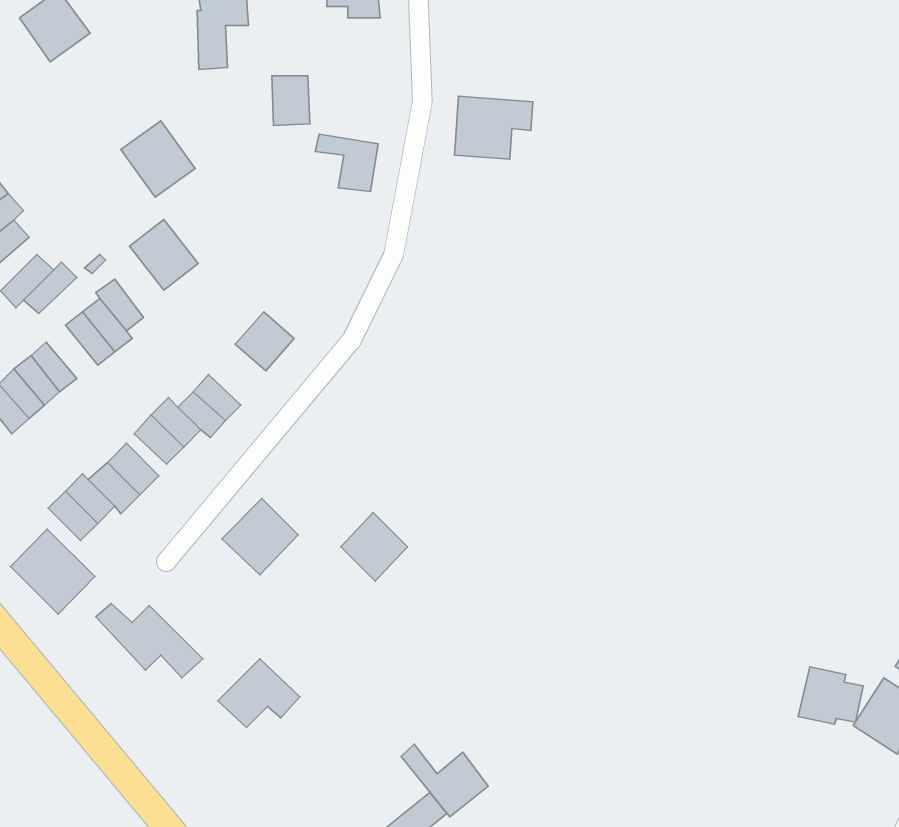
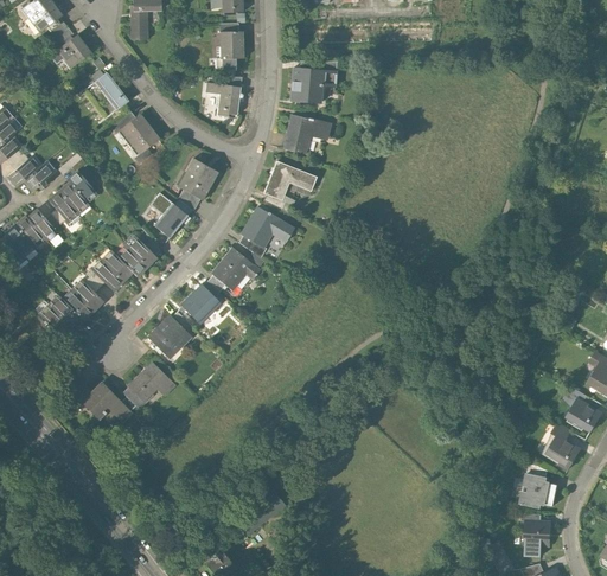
building: none -> [57,40,92,76]
building: [272,76,310,126] -> [222,36,245,66]
building: none -> [282,110,333,152]
building: [129,220,198,290] -> [119,119,161,162]
building: none -> [178,154,222,197]
building: none -> [264,158,318,199]
building: none -> [241,204,295,248]
building: none -> [211,245,255,289]
building: [341,512,407,581] -> [181,281,223,324]
building: [11,529,95,614] -> none
building: [218,659,300,727] -> [126,360,177,403]
building: [798,667,863,724] -> [517,471,557,506]
building: [401,744,488,817] -> none

